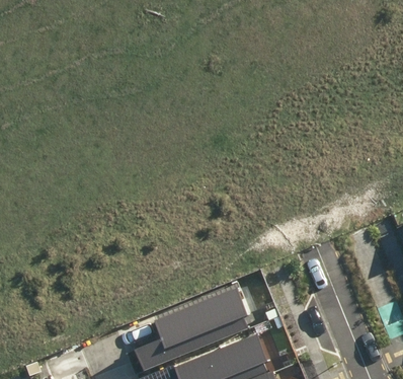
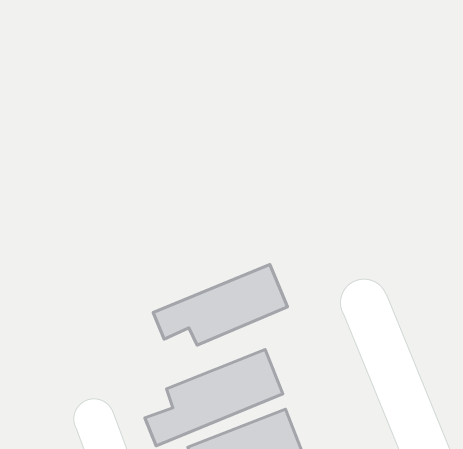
building: none -> [153,265,287,345]

